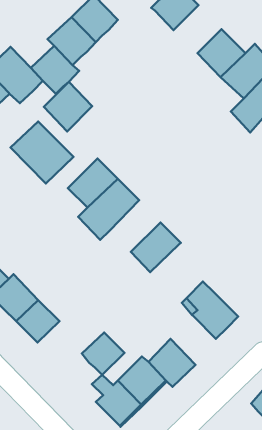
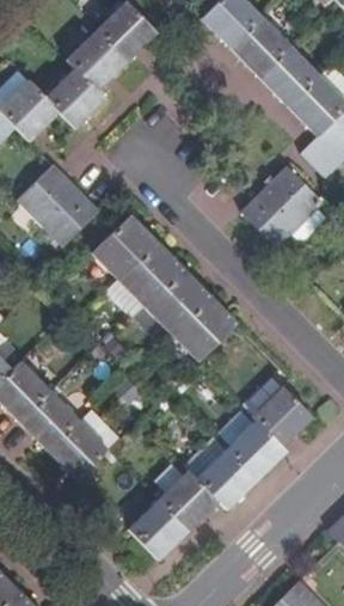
building: none -> [228,16,290,78]
building: [44,82,92,131] -> none
building: none -> [241,166,330,252]
building: none -> [146,268,211,335]
building: none -> [225,418,287,480]
building: [82,332,124,375] -> [53,424,108,479]

